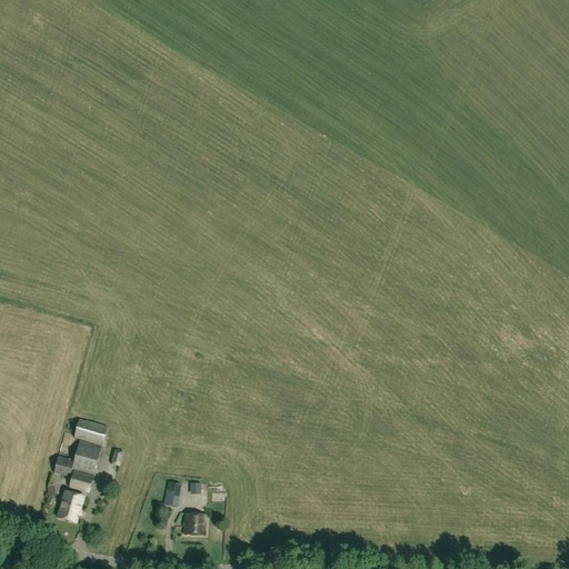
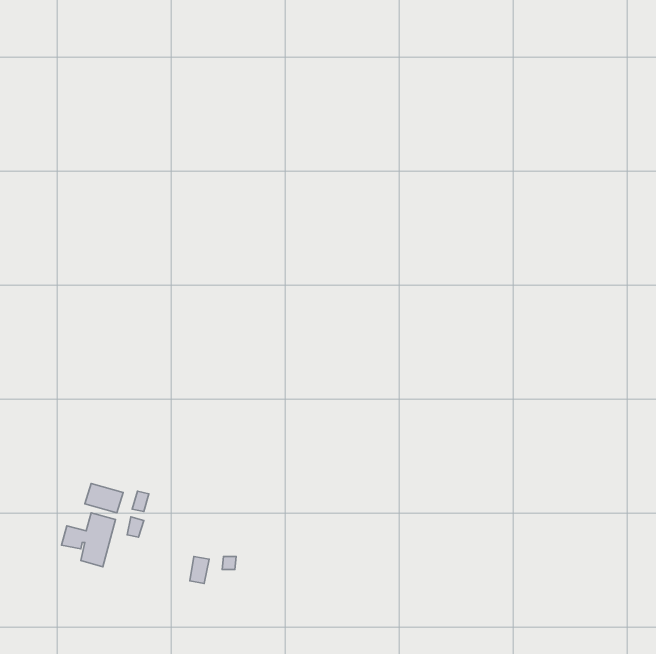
building: [58,490,83,522] -> none
building: [184,513,206,536] -> none

